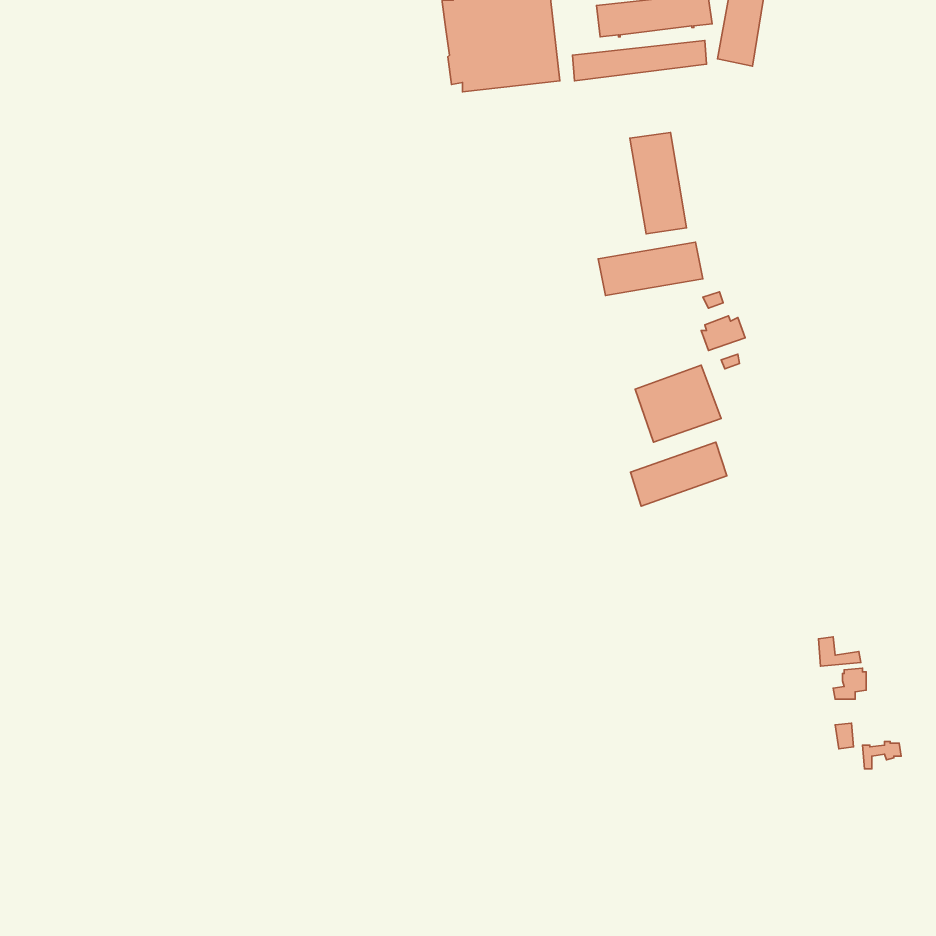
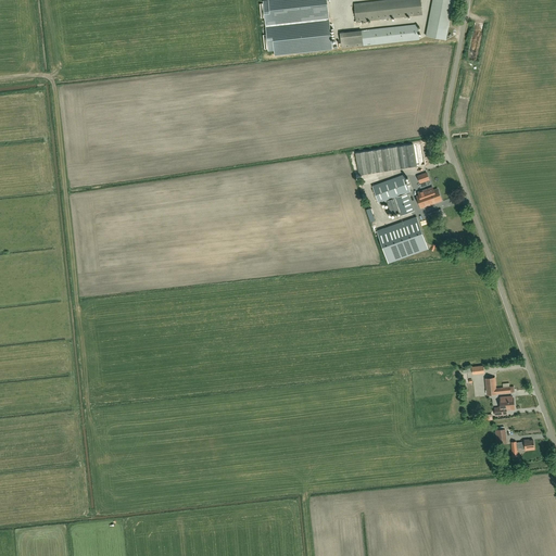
building: [630,132,687,234] -> none
building: none -> [371,174,413,215]
building: [630,442,727,506] -> none

